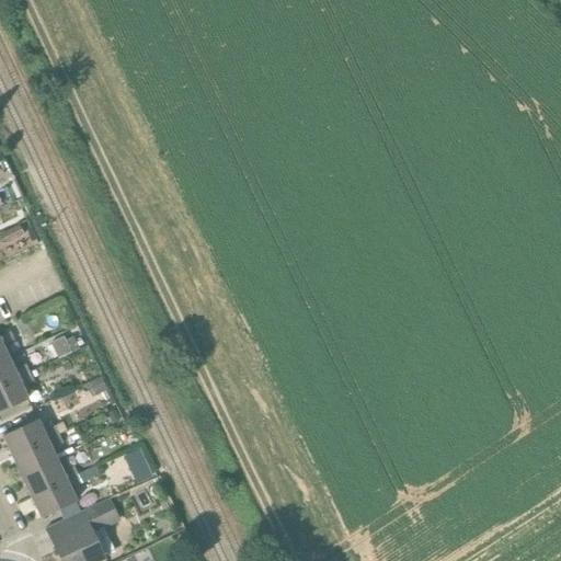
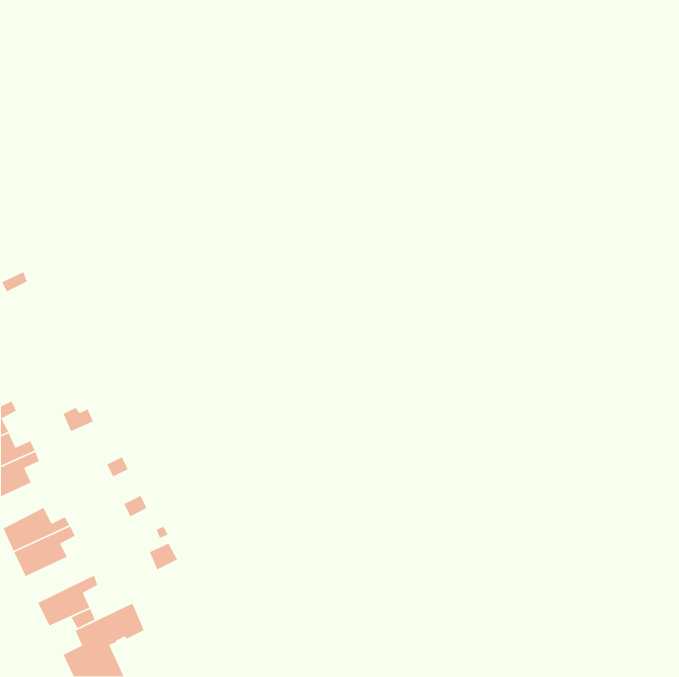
building: [21,459,78,496] -> none

